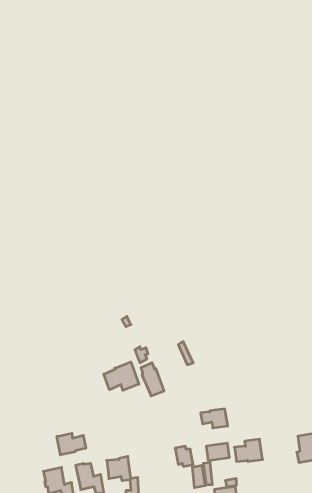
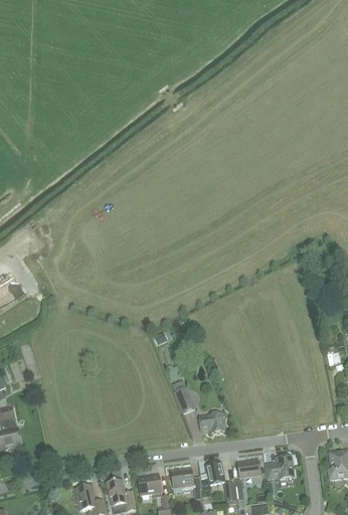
building: [104,362,139,390] -> none
building: [201,409,228,428] -> [198,411,225,431]
building: [57,433,86,455] -> none
building: none -> [171,468,194,488]

